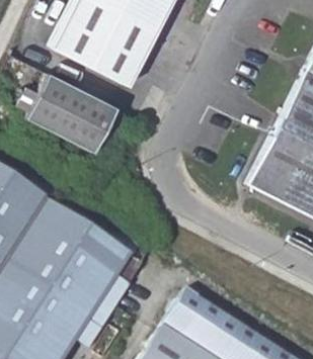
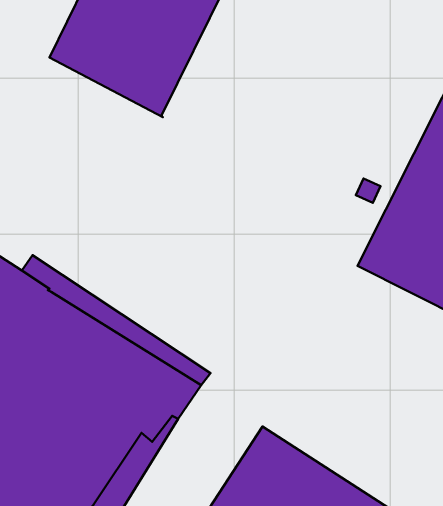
building: [23,77,123,155] -> none

